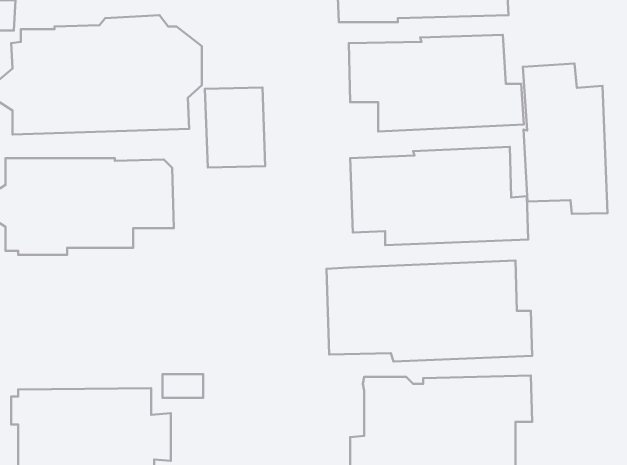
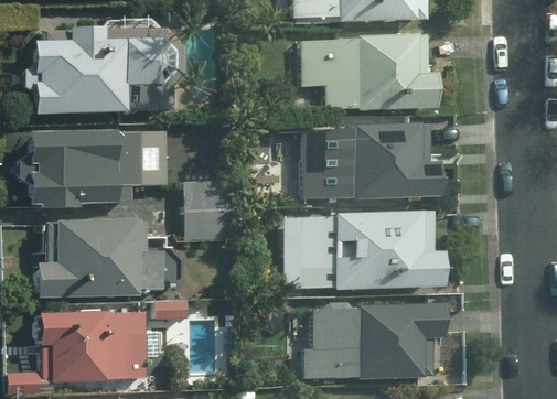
building: [523,64,608,214] -> none
building: [205,88,265,167] -> [184,181,232,244]
building: none -> [38,218,163,298]

